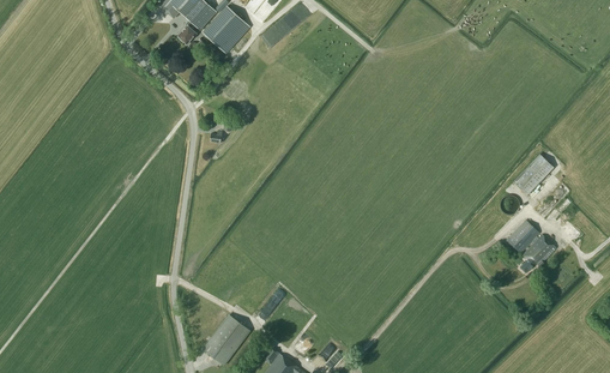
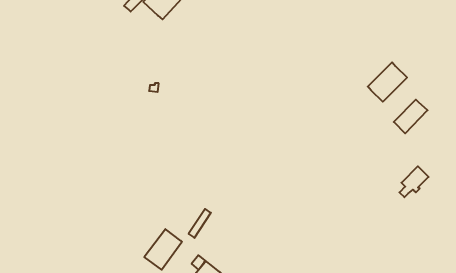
building: none -> [368,62,407,102]
building: [507,219,539,253] -> none

